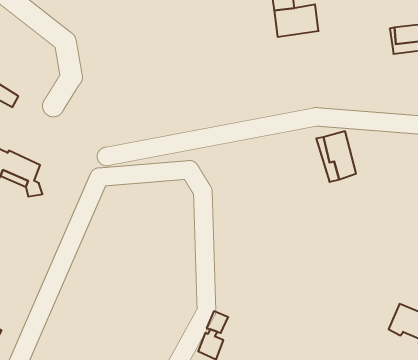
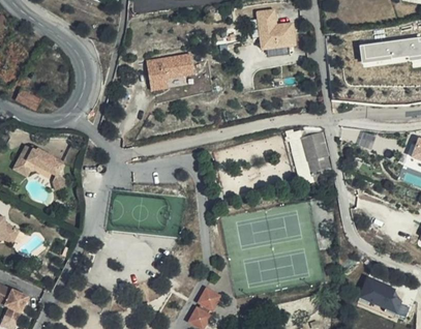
building: none -> [146,53,196,91]

